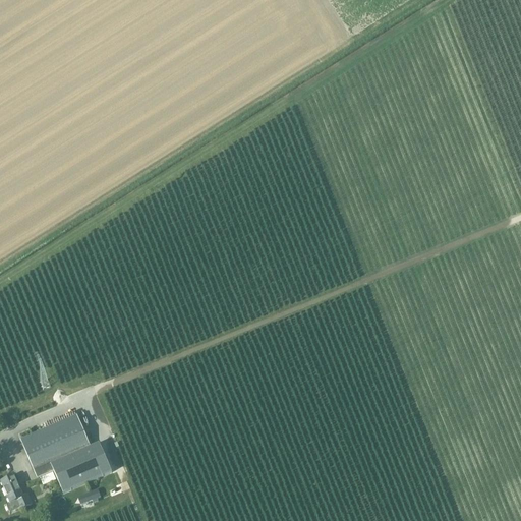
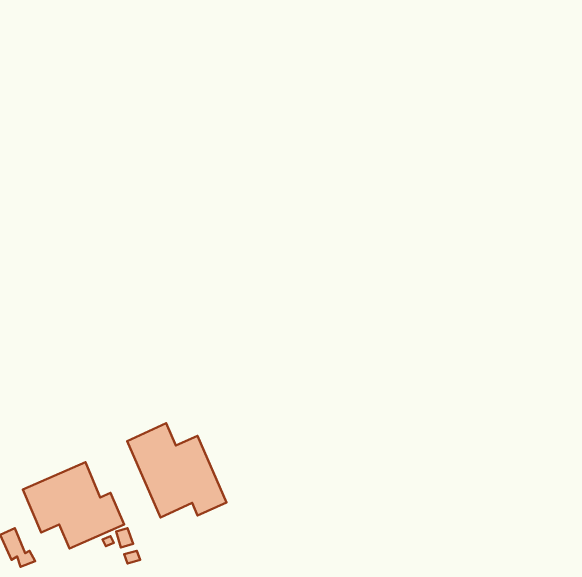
building: none -> [127,423,226,517]

